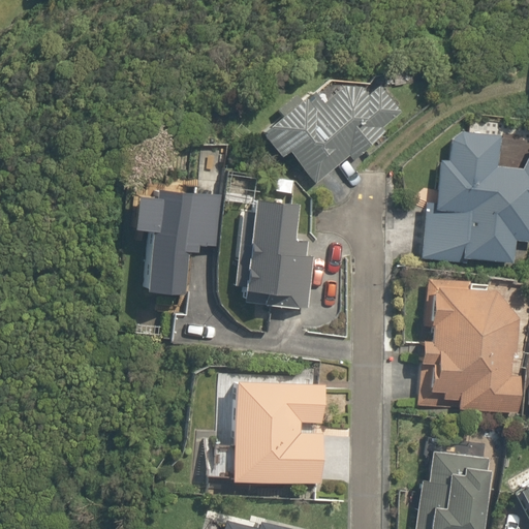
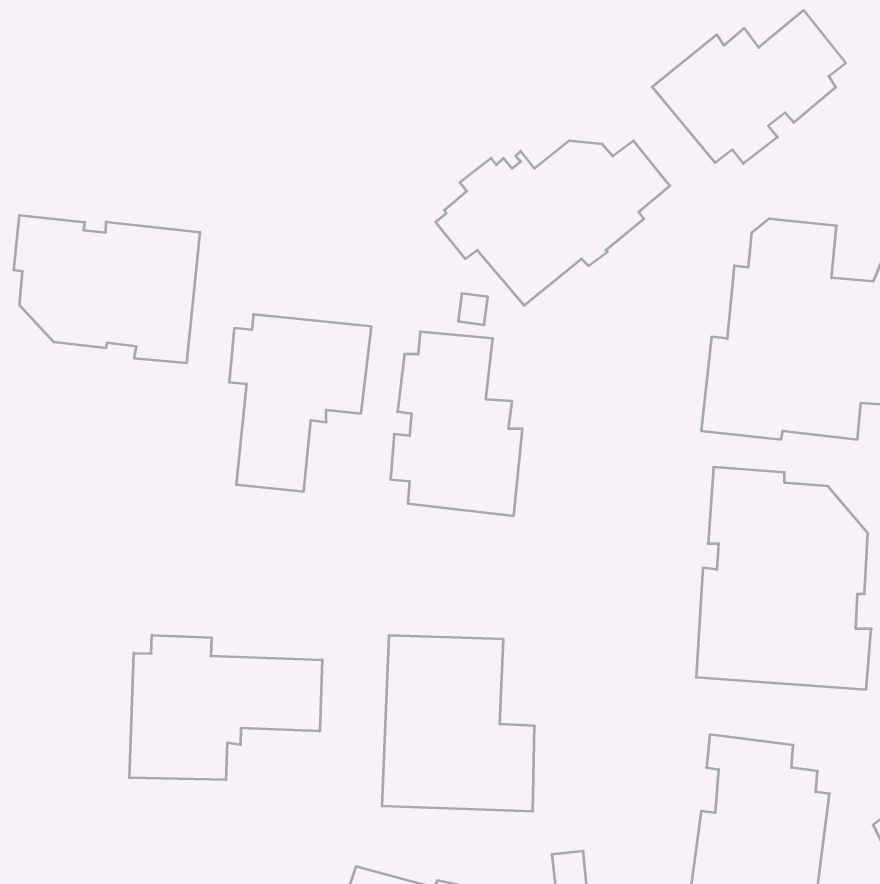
building: none -> [652,10,846,164]
building: none -> [14,215,200,363]
building: none -> [130,635,322,780]

